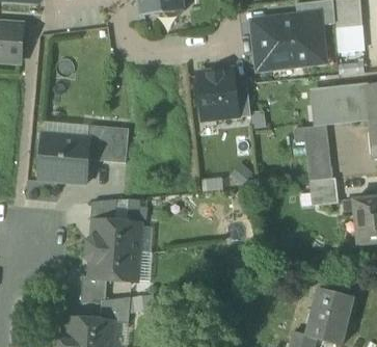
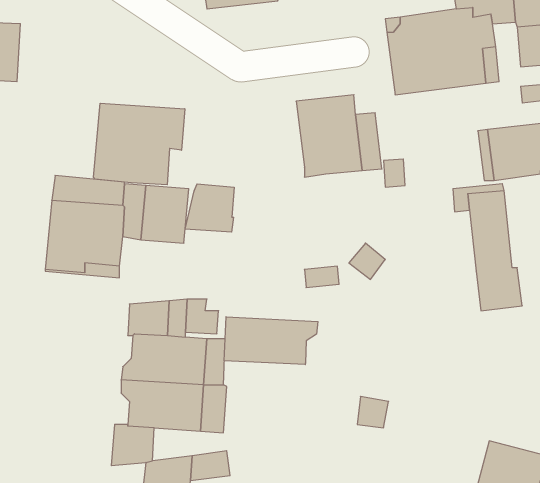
building: none -> [93,103,185,185]
building: none -> [185,184,234,232]
building: none -> [224,317,318,365]

